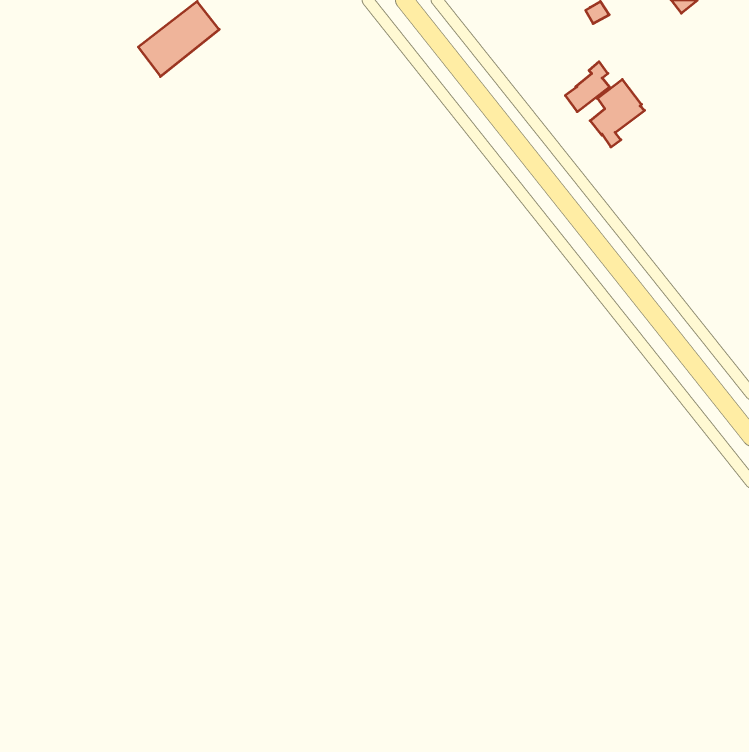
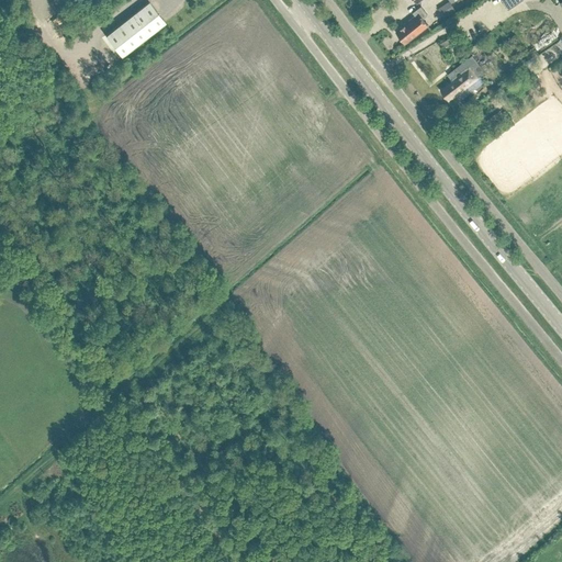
building: [565,62,609,112] -> [397,5,430,43]

